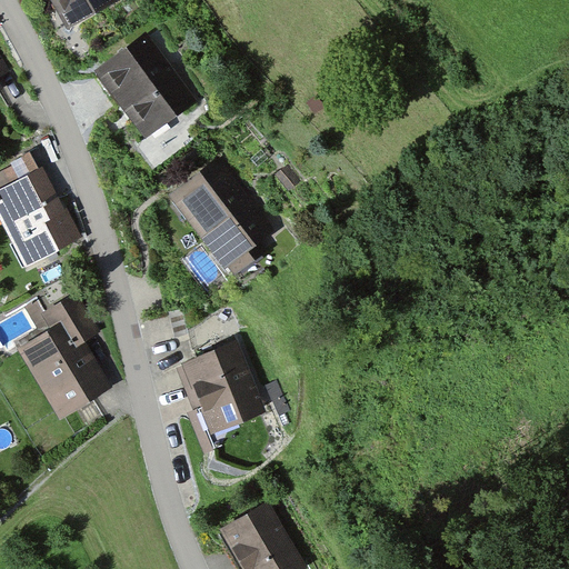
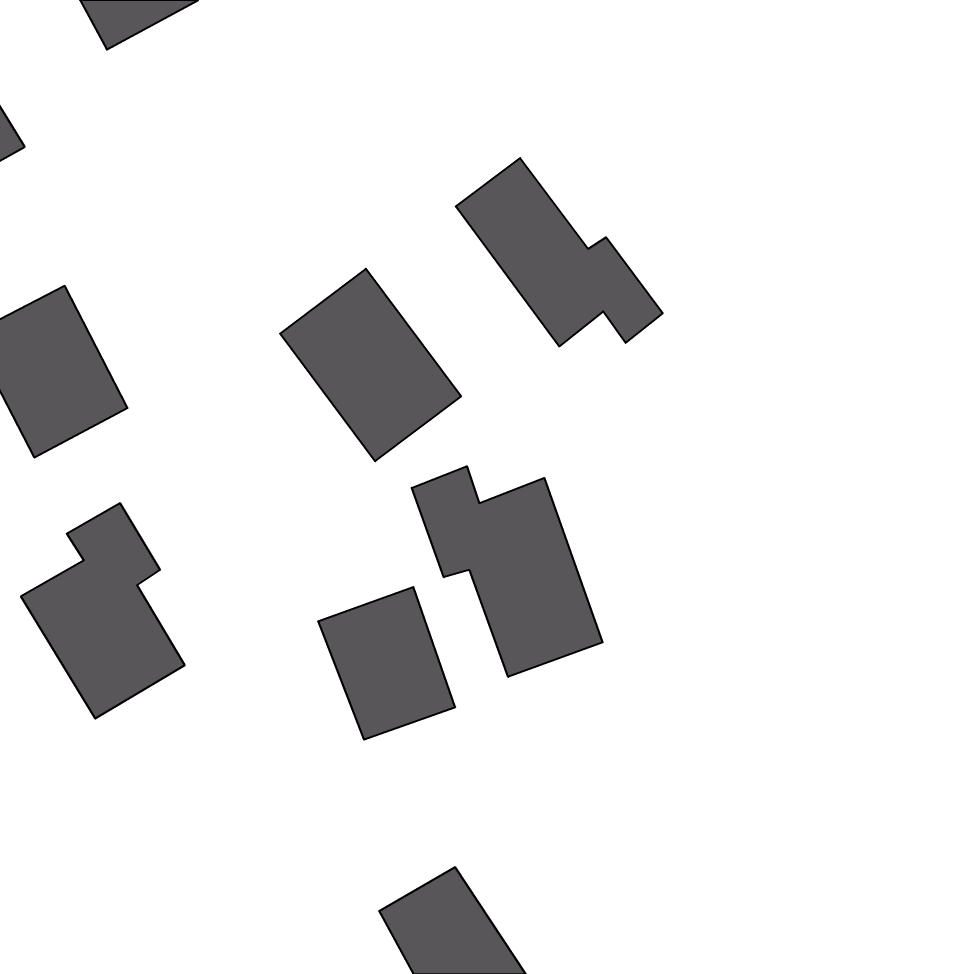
building: [98,38,191,137] -> none
building: none -> [456,158,663,346]
building: none -> [412,466,603,677]

